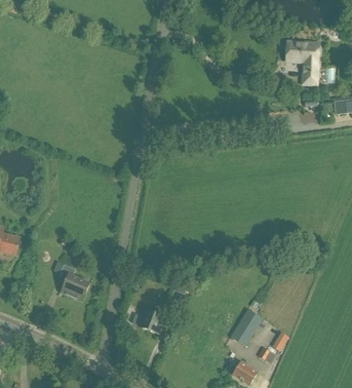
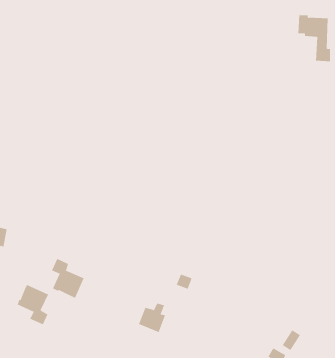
building: none -> [17,284,49,325]
building: [231,309,264,347] -> none

